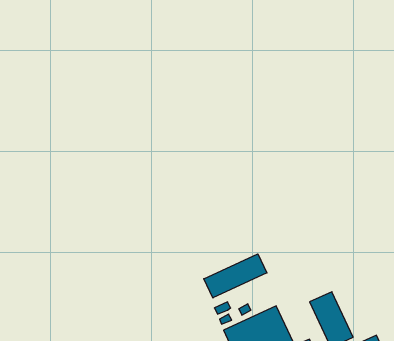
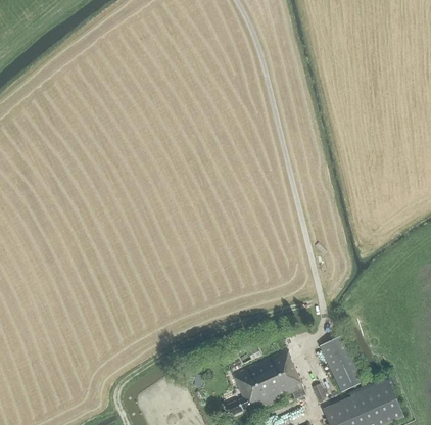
building: [204,254,267,298] -> none

